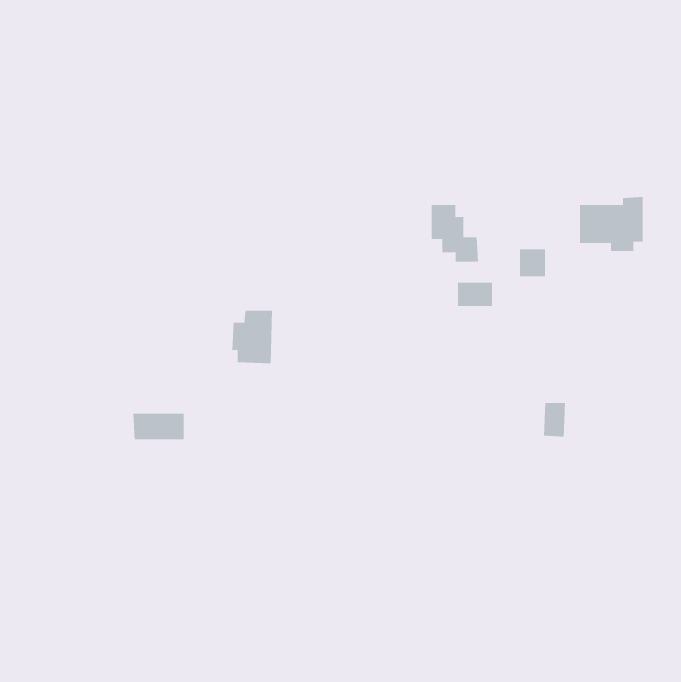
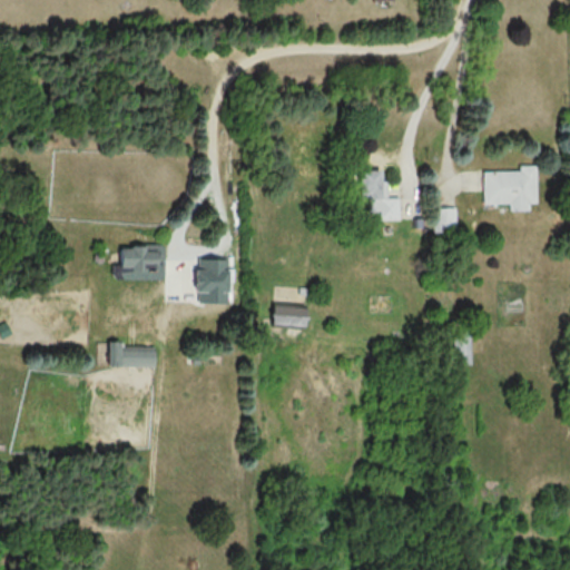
building: [458,282,492,307] -> none
building: none -> [120,245,164,269]
building: none -> [272,305,306,328]

